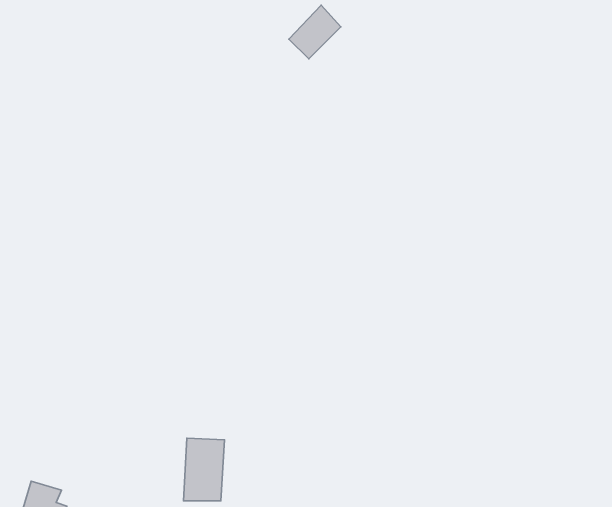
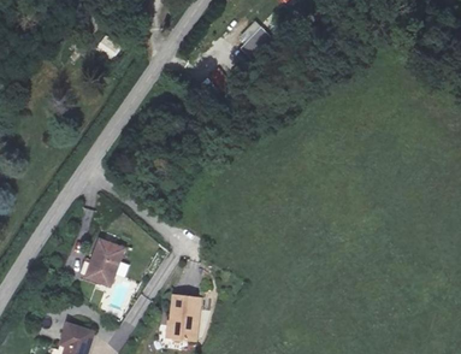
building: none -> [87,243,123,288]

